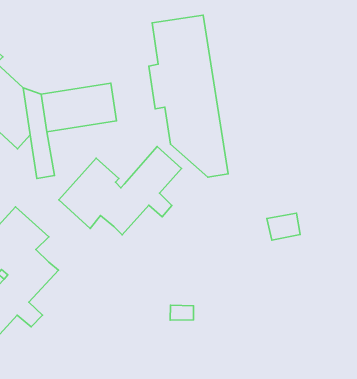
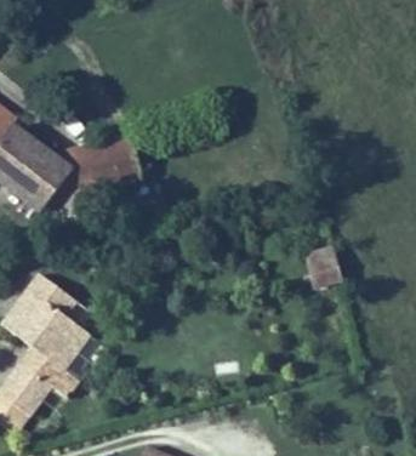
building: [149,15,228,177] -> none
building: [59,146,181,235] -> none

